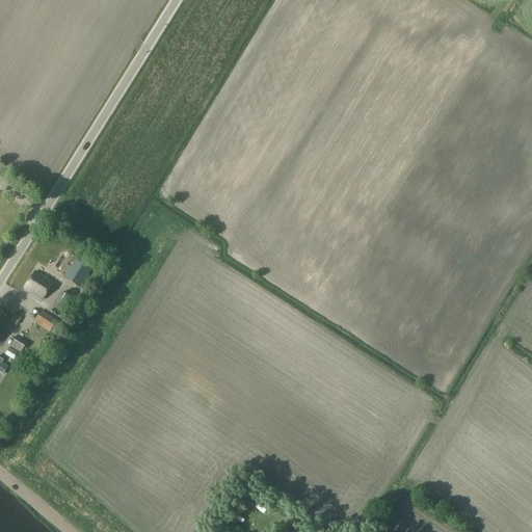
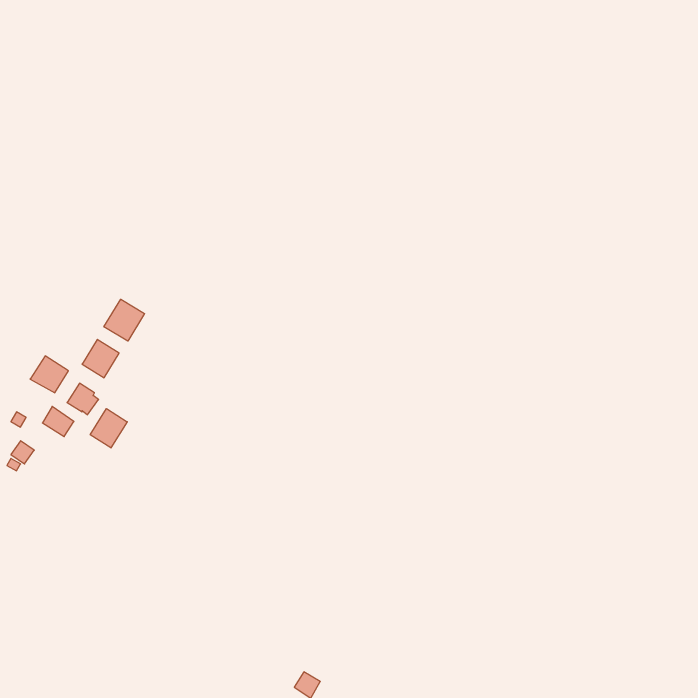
building: none -> [104,299,145,341]
building: none -> [90,409,127,448]

